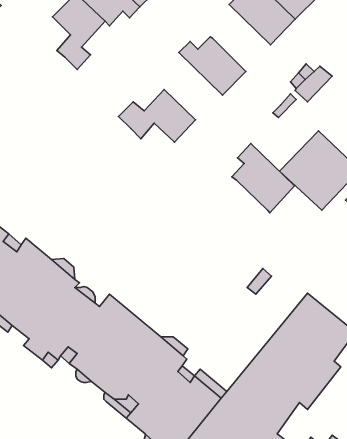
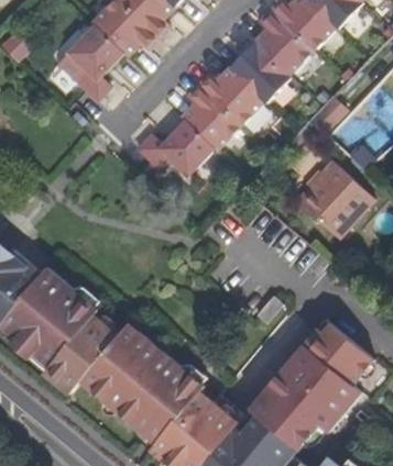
building: none -> [229,36,288,104]
building: [232,143,295,213] -> [177,84,239,152]

